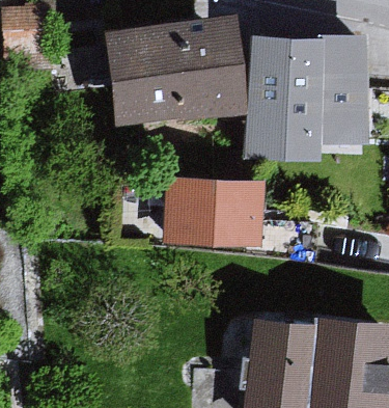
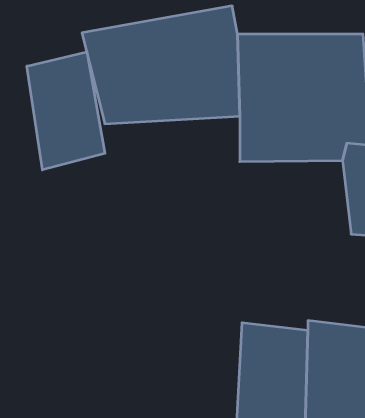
building: none -> [27,52,105,170]
building: [164,180,263,249] -> none

